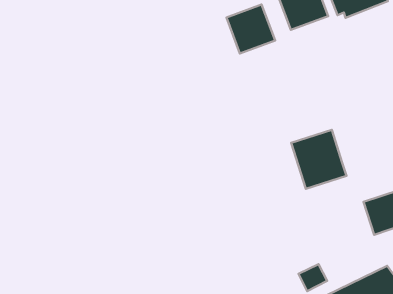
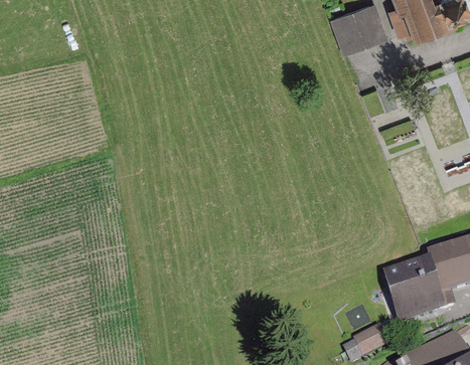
building: [226,5,275,54] -> none
building: [291,130,347,189] -> [380,254,445,323]

